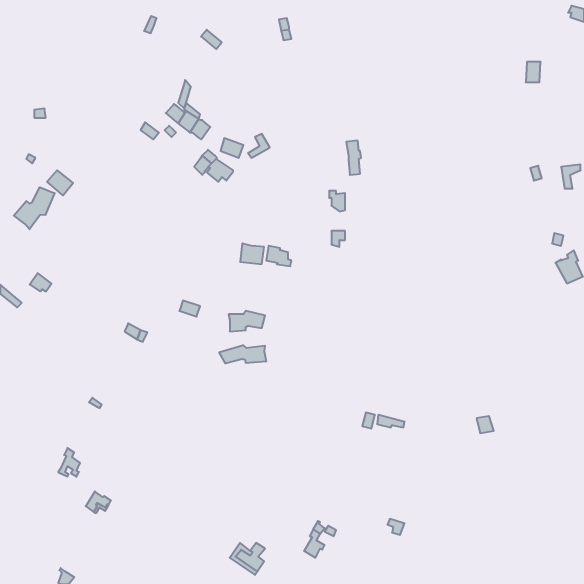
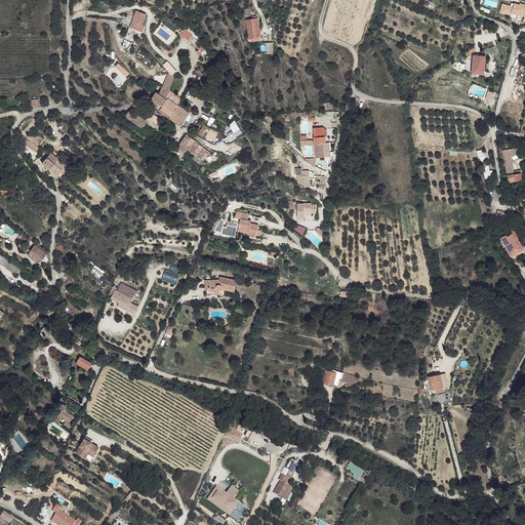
building: [14,187,55,229] -> none
building: [219,345,266,363] -> none

